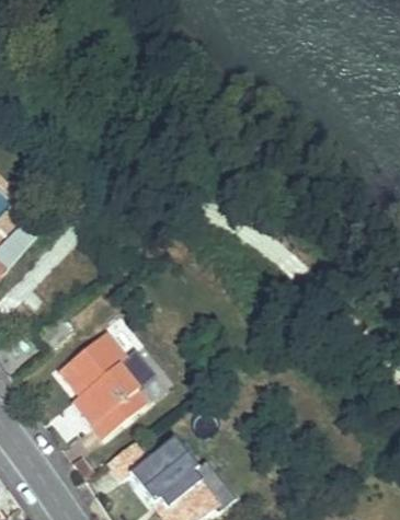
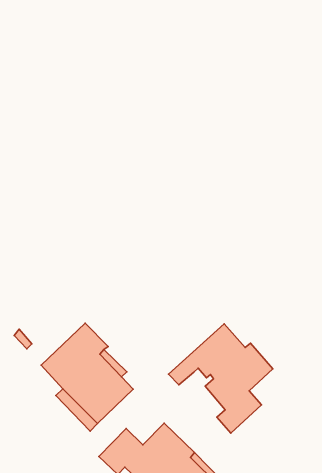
building: none -> [169,324,273,433]

